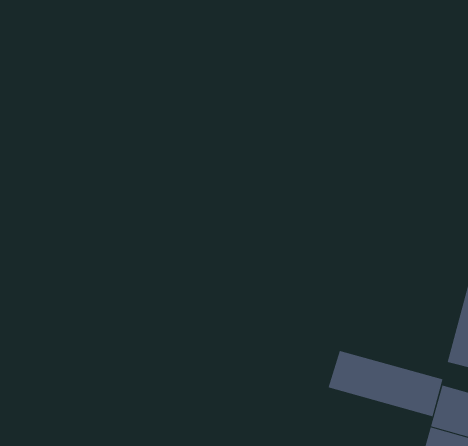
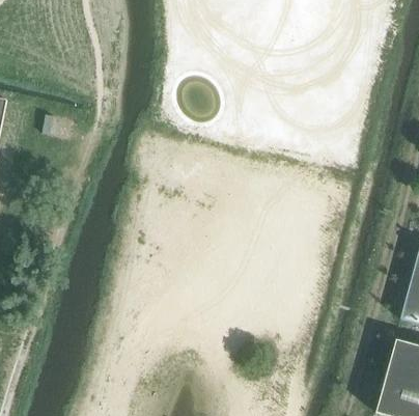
building: [328,350,443,417] -> none

